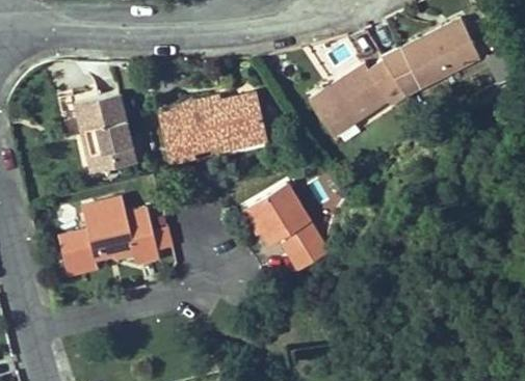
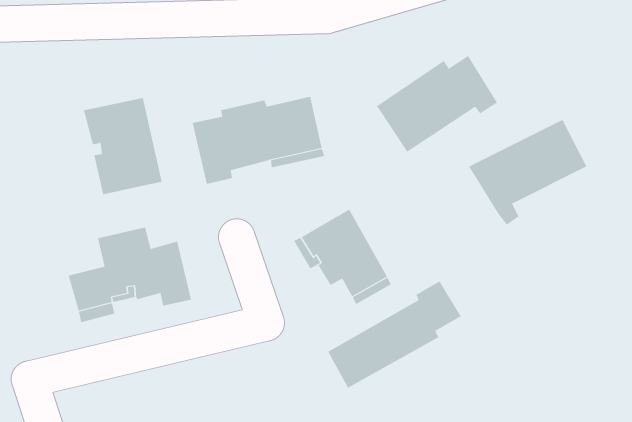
building: [384,20,480,106] -> [468,119,587,226]
building: none -> [328,280,462,389]

